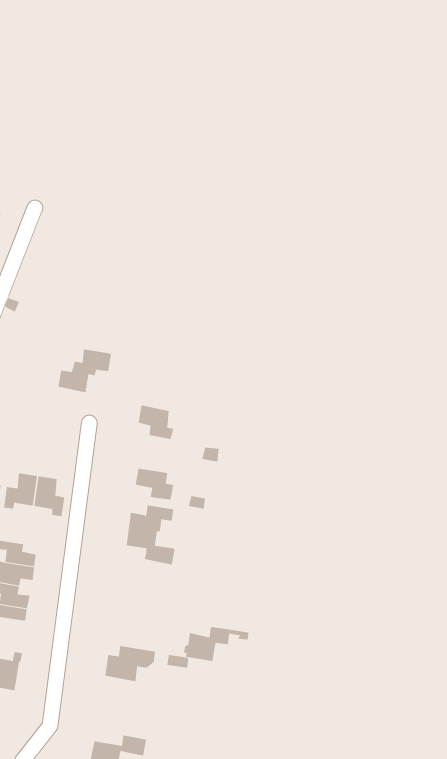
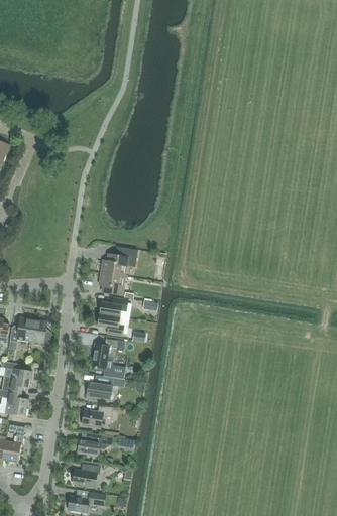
building: [57,349,112,393] -> [101,247,137,276]
building: none -> [99,298,127,317]
building: none -> [86,375,112,400]
building: [183,627,250,661] -> [80,405,124,428]
building: none -> [71,463,100,487]

